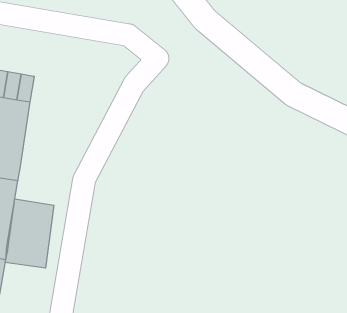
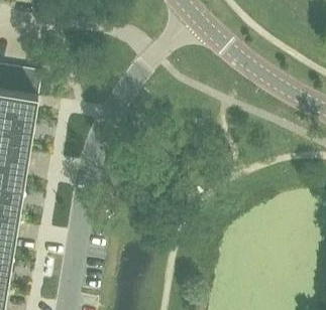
building: [5,199,54,268] -> none

